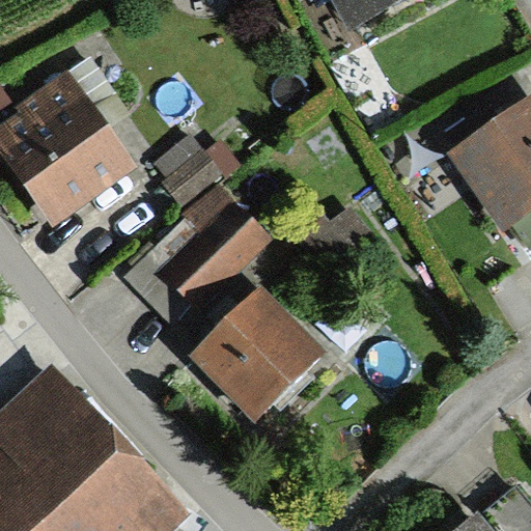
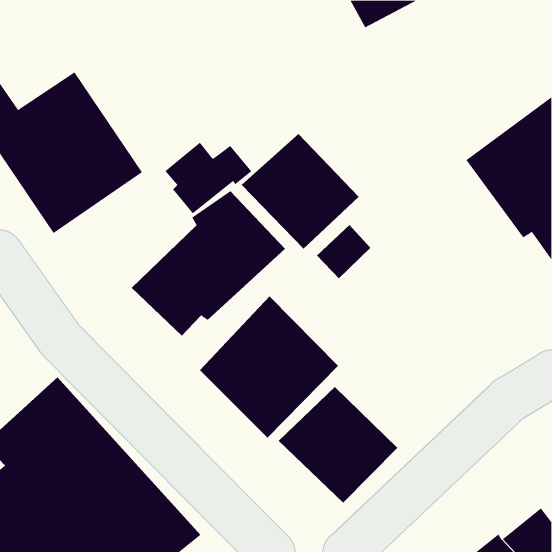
building: none -> [241,133,359,250]
building: none -> [278,386,398,504]

